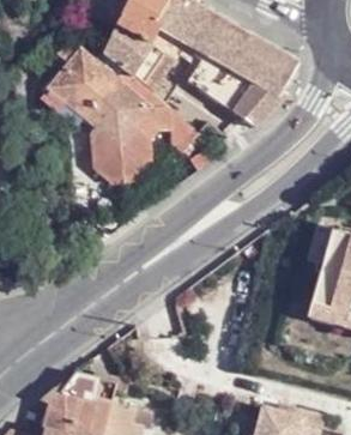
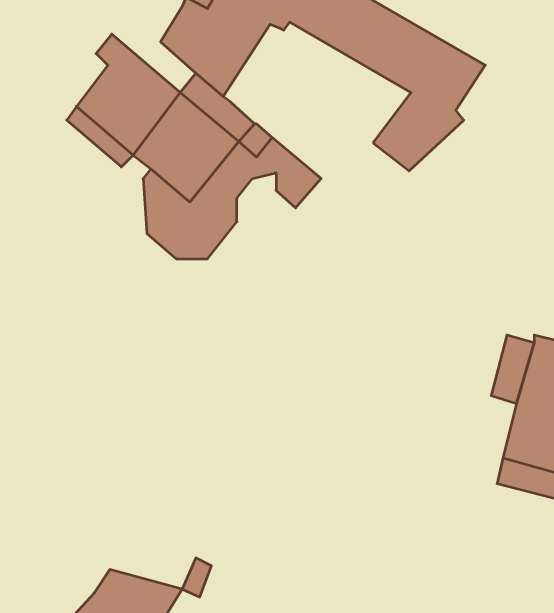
building: [167,37,255,110] -> none

